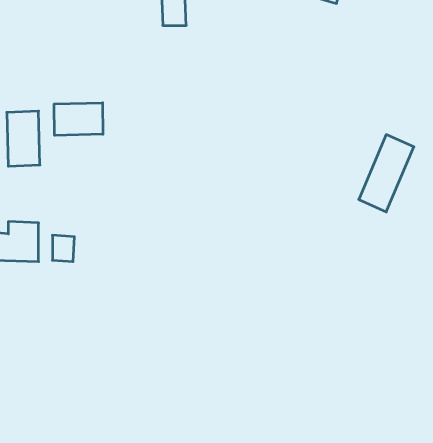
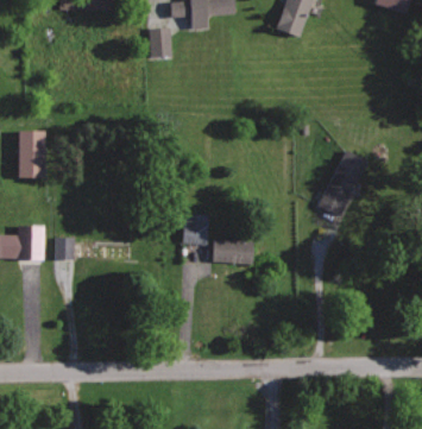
building: [54,103,103,135] -> none
building: none -> [183,214,209,244]
building: none -> [213,239,253,263]

